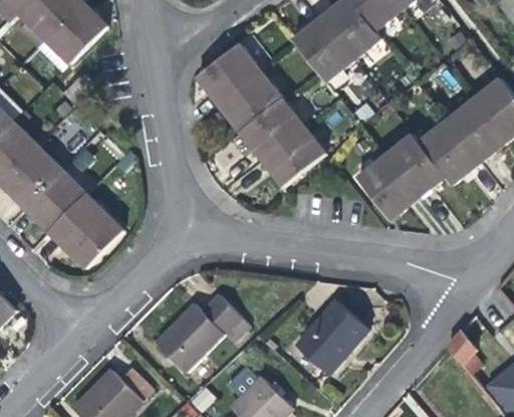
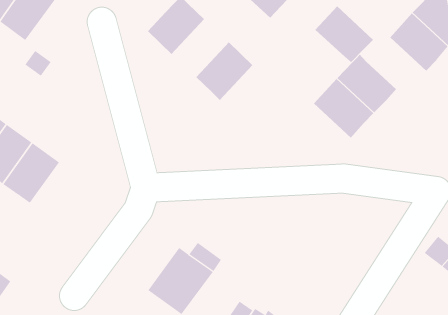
building: [219,71,280,130] -> none
building: [419,121,478,182] -> [315,6,374,63]
building: [261,127,323,186] -> none
building: [49,195,122,268] -> none
building: [298,299,368,372] -> none

